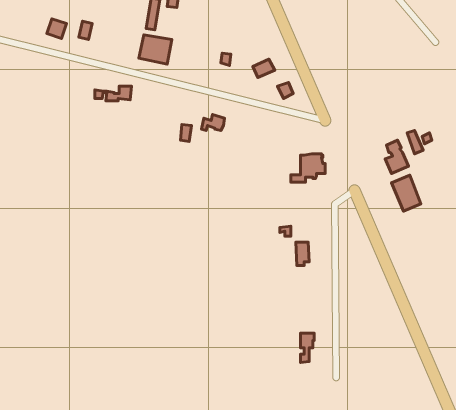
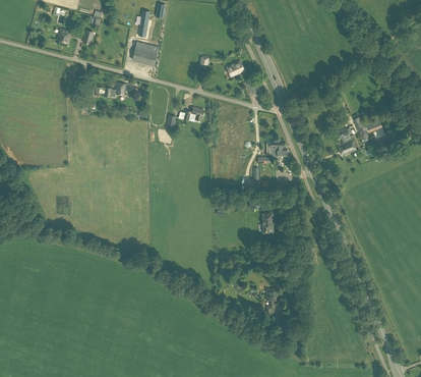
building: [391,175,421,211] -> none

